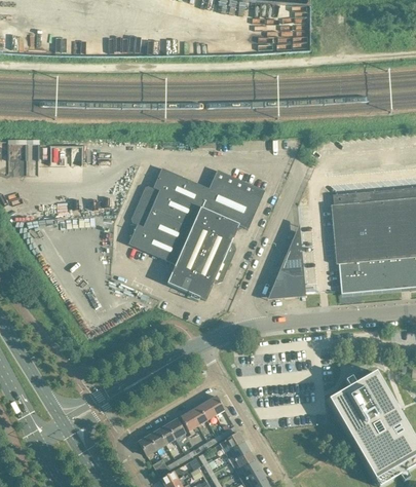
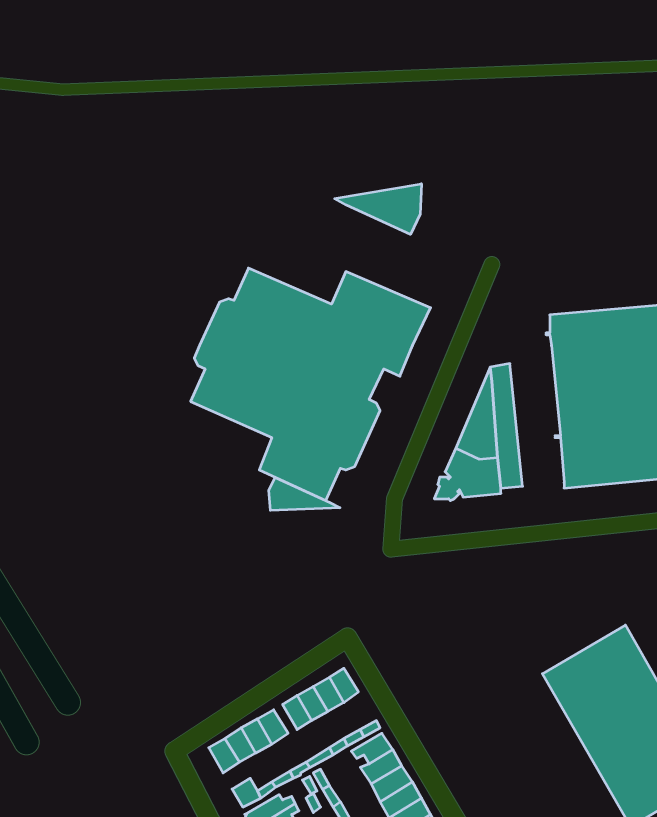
building: none -> [335,184,421,234]
building: none -> [269,477,340,510]

